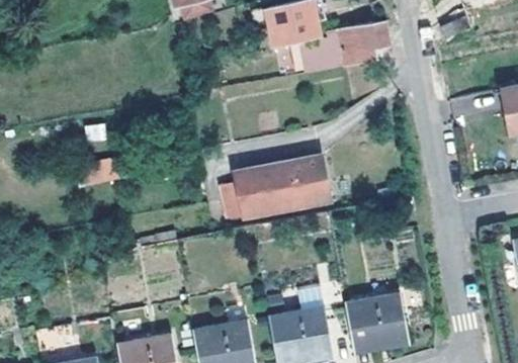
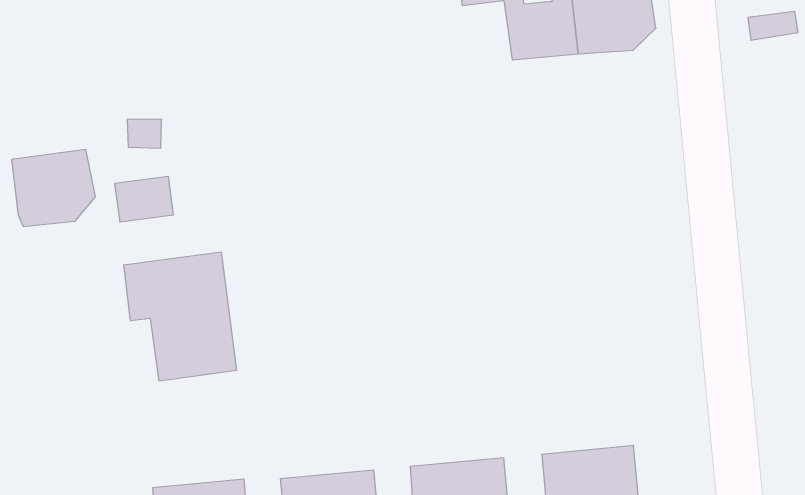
building: none -> [12,149,95,227]
building: [236,157,330,216] -> none
building: none -> [124,252,236,381]

